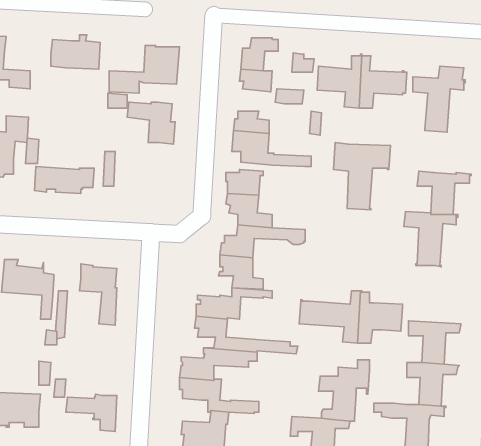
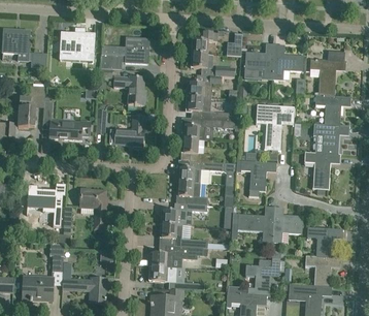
building: none -> [315,95,351,126]
building: none -> [109,113,144,146]
building: none -> [236,160,277,197]

